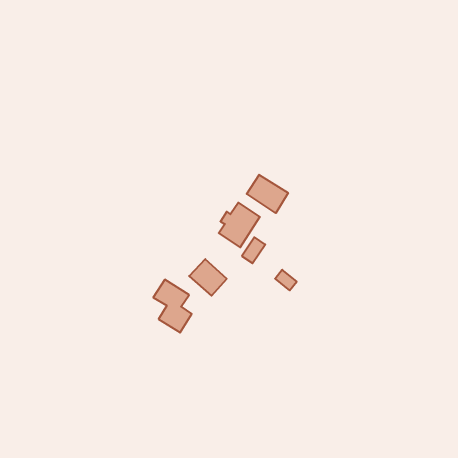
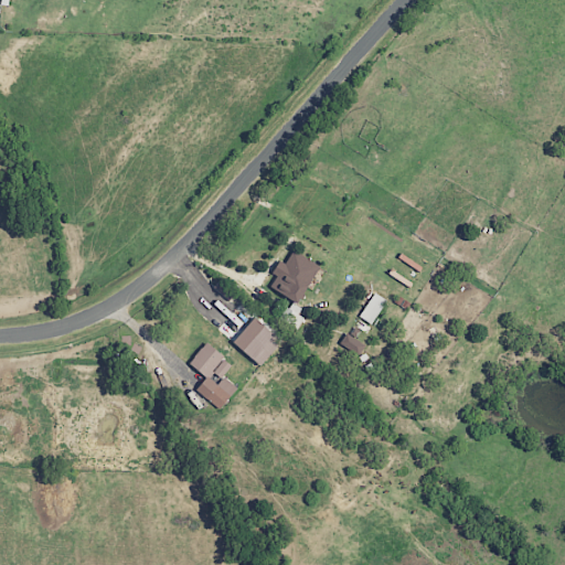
building: [247,175,288,213] -> none
building: [242,237,265,263] -> [359,292,387,324]

